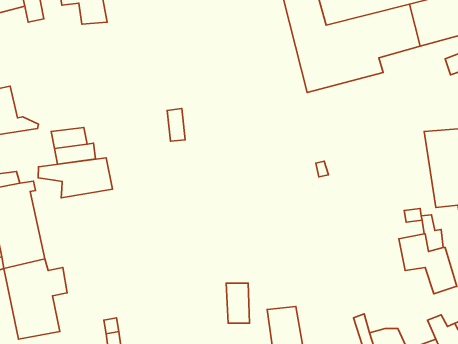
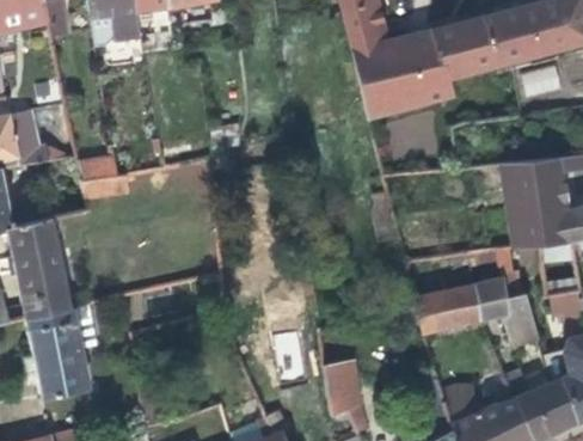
building: [38,158,113,198] -> none
building: none -> [413,284,480,333]

